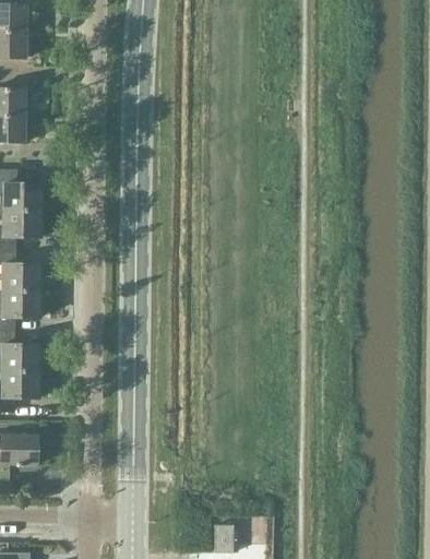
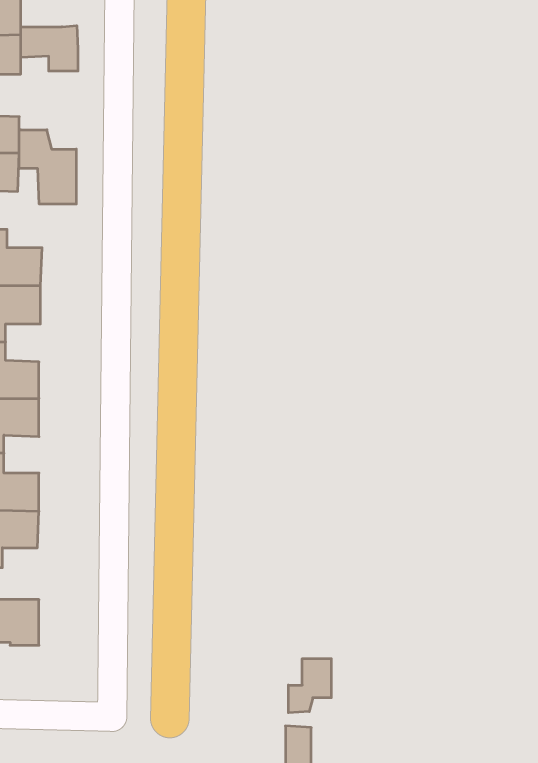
building: none -> [21,26,78,71]
building: none -> [19,130,76,204]
building: none -> [288,659,331,713]

